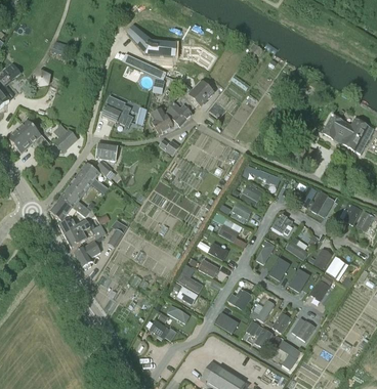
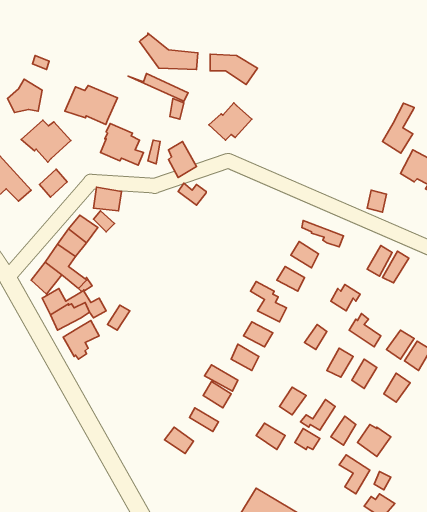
building: none -> [65,85,117,125]
building: none -> [383,103,414,153]
building: none -> [21,120,71,162]
building: [166,96,194,126] -> none

